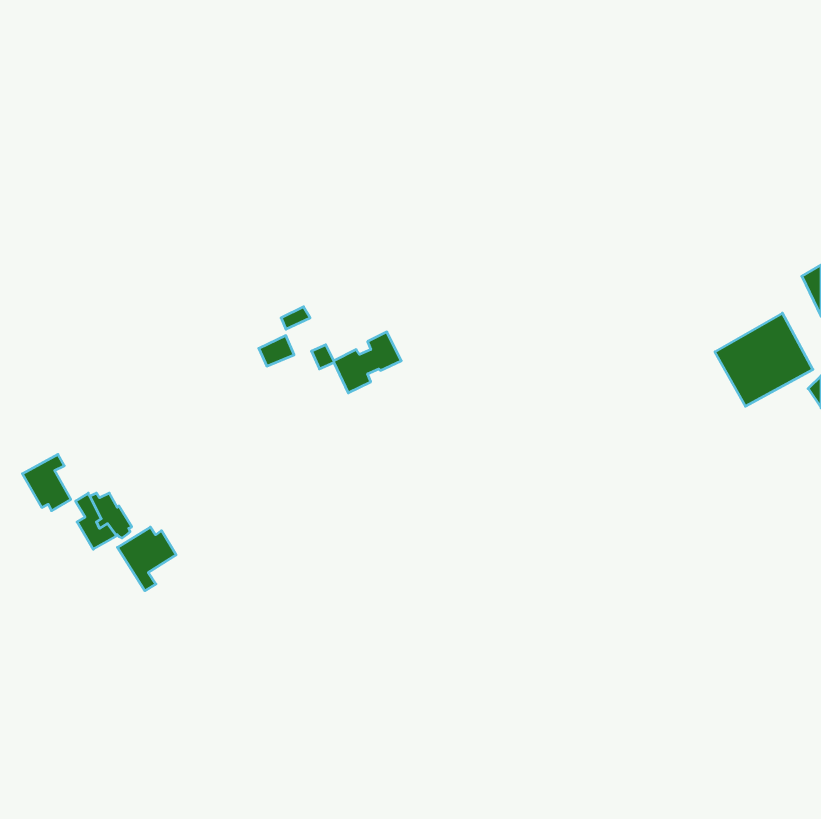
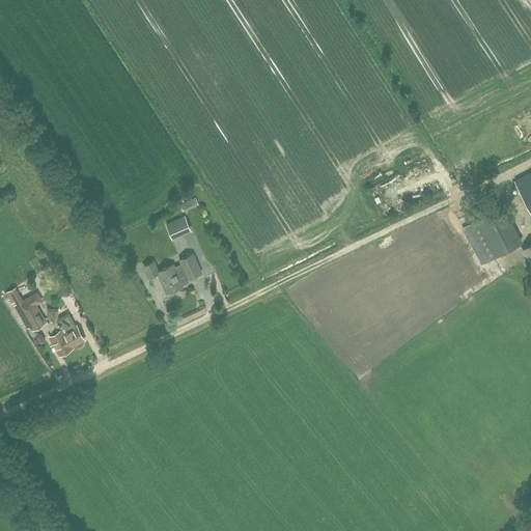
building: [311,332,401,393] -> [144,255,202,295]
building: [117,527,176,591] -> none

